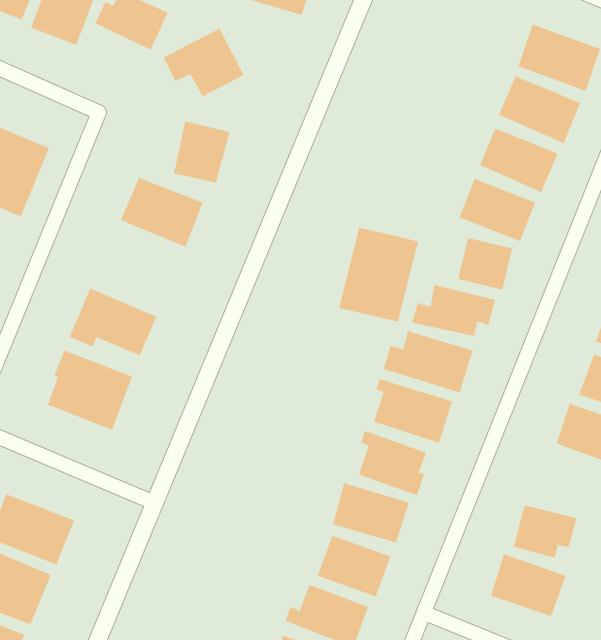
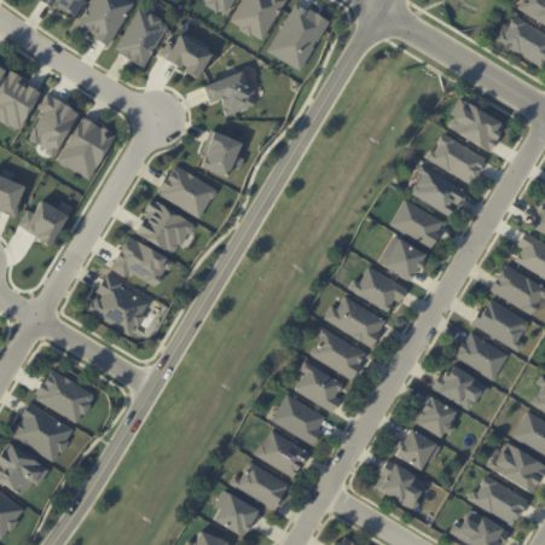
building: [339,227,419,323] -> none
building: none -> [134,199,193,255]
building: none -> [412,394,457,437]

